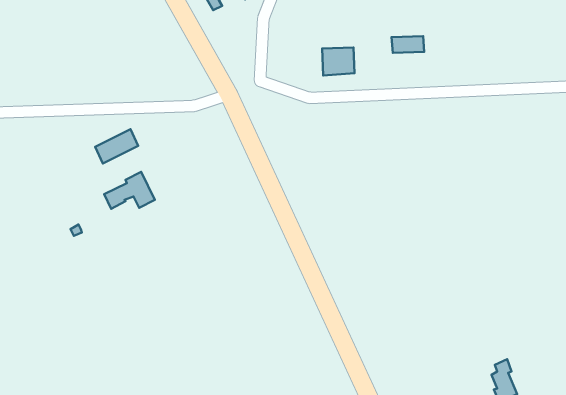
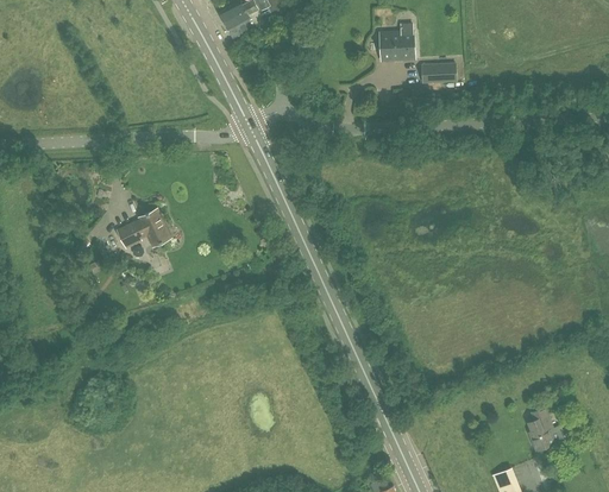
building: [322,47,355,75] -> [379,30,414,59]
building: [95,129,138,164] -> none

